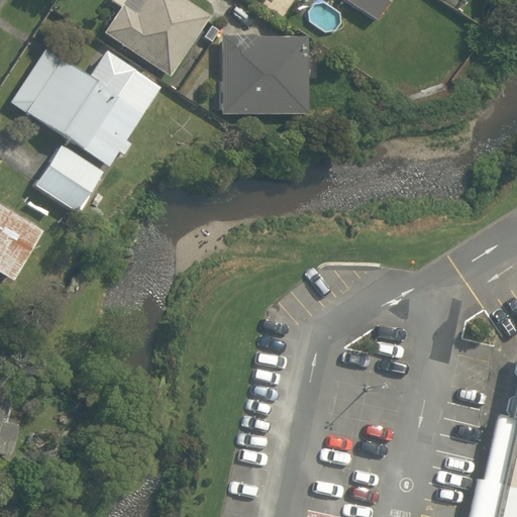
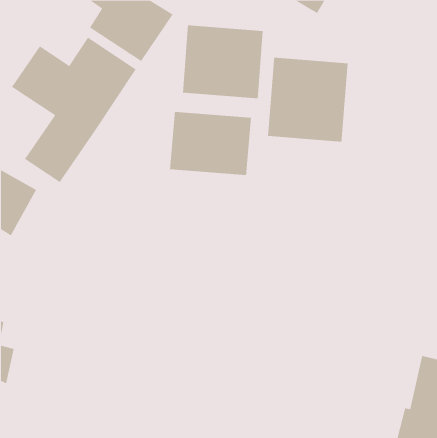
building: none -> [267,57,348,142]
building: none -> [170,111,251,176]

